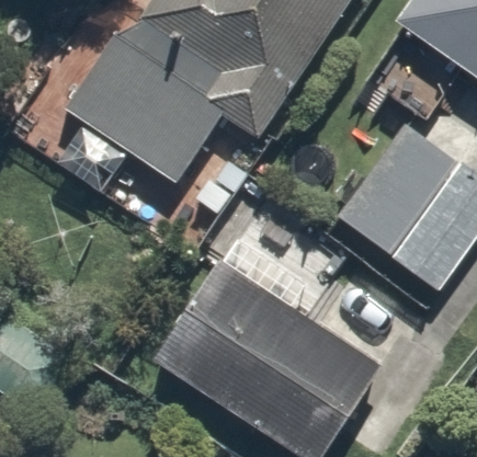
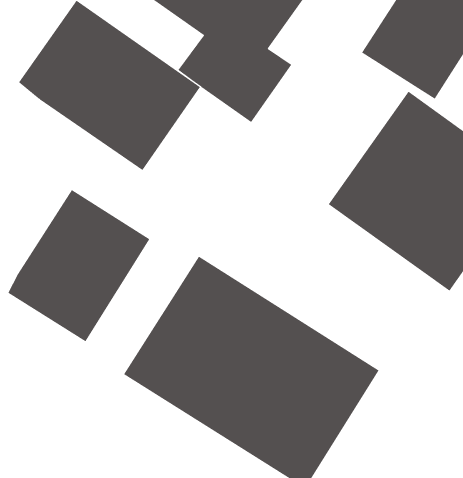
building: none -> [8,189,150,342]

